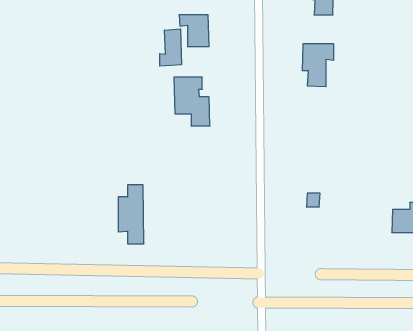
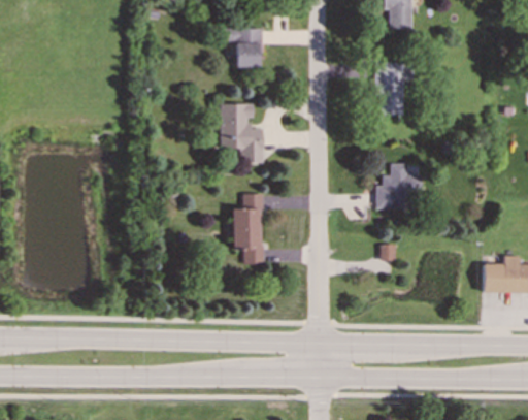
building: [160,29,181,66] -> none
building: none -> [375,163,422,209]
building: [118,185,144,244] -> [232,194,263,265]

